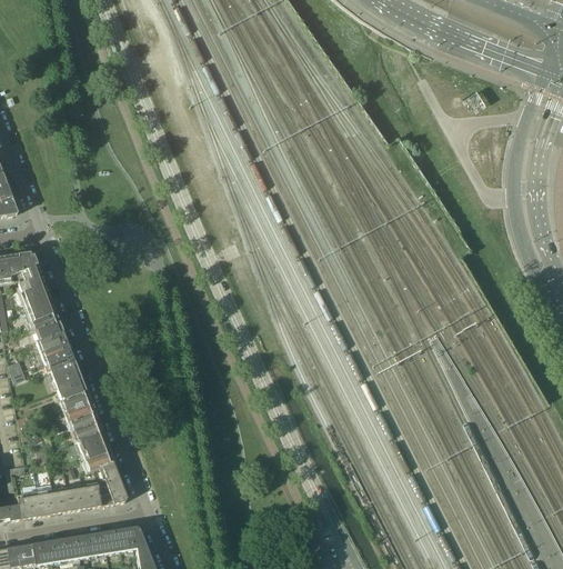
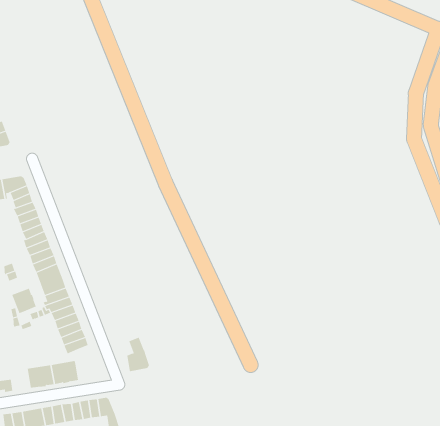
building: none -> [12,288,37,314]
building: [99,461,128,505] -> [127,337,150,372]
building: [18,490,42,518] -> none

